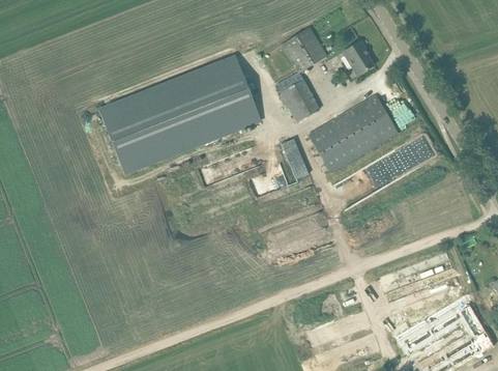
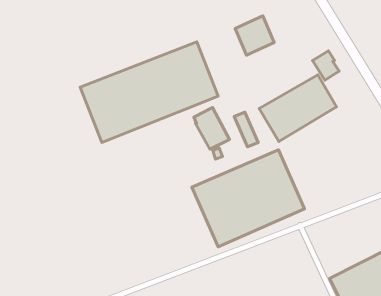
building: [343,40,374,75] -> [312,51,339,80]
building: [276,73,318,121] -> [194,107,229,149]
building: none -> [192,150,304,247]

